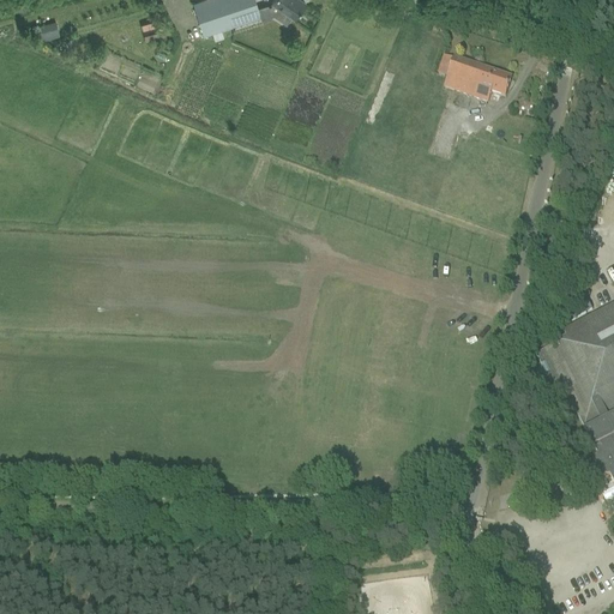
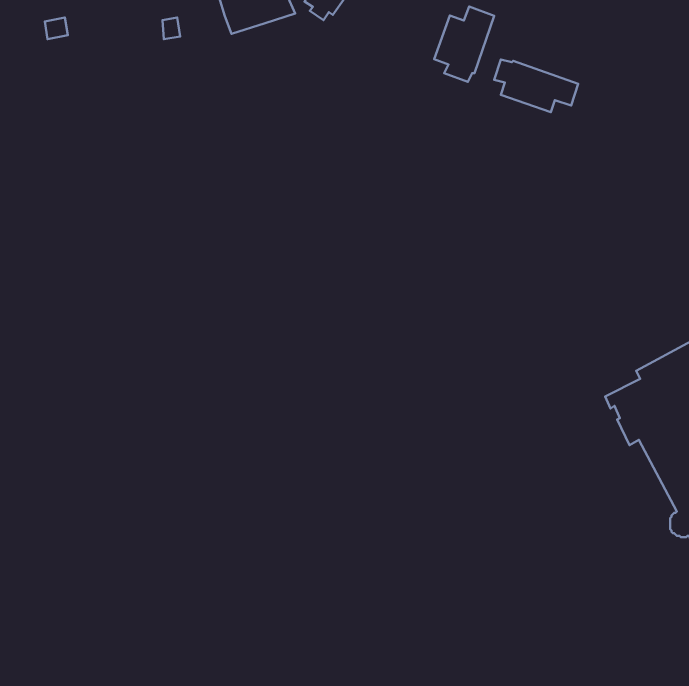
building: none -> [434,6,494,82]

